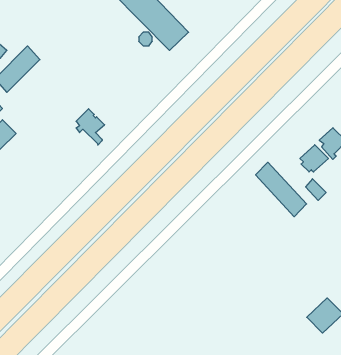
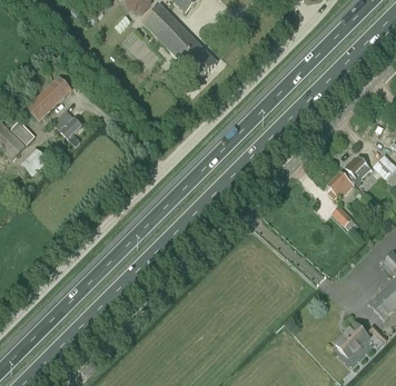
building: [76,109,105,145] -> [53,110,81,146]
building: [256,162,307,217] -> none

